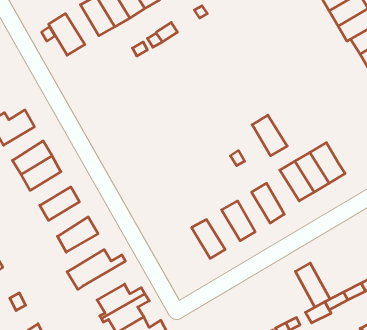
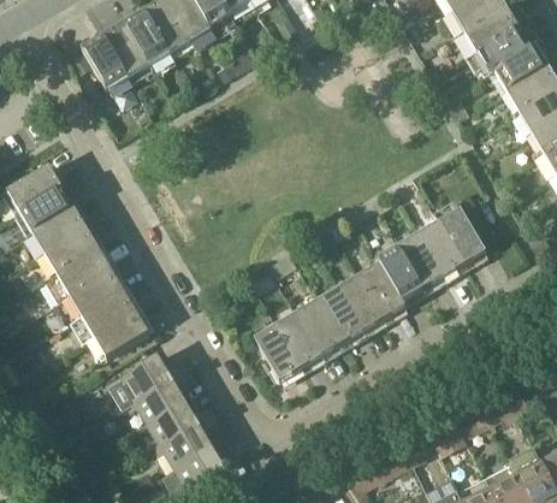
building: none -> [107,23,153,77]
building: [252,115,287,156] -> [378,248,426,303]
building: none -> [23,189,77,235]
building: none -> [47,250,114,303]
building: none -> [342,278,386,332]
building: none -> [72,291,138,344]
building: none -> [300,302,345,356]
building: none -> [256,326,304,383]
building: none -> [131,372,195,425]
building: [295,263,330,307] -> none

